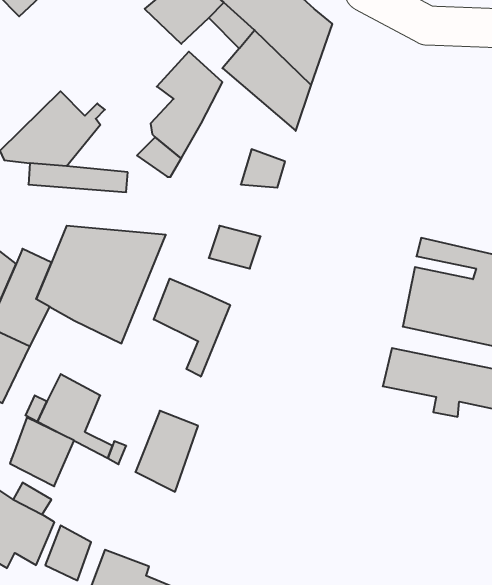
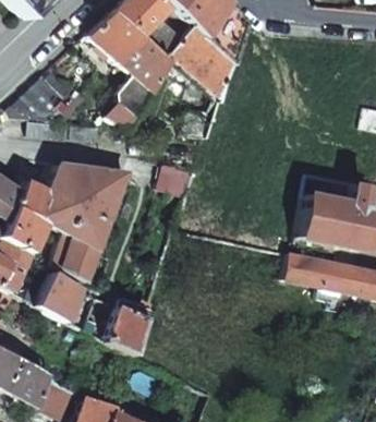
building: none -> [89,10,145,65]
building: [154,279,230,377] -> none
building: [10,418,74,486] -> [51,232,97,281]

